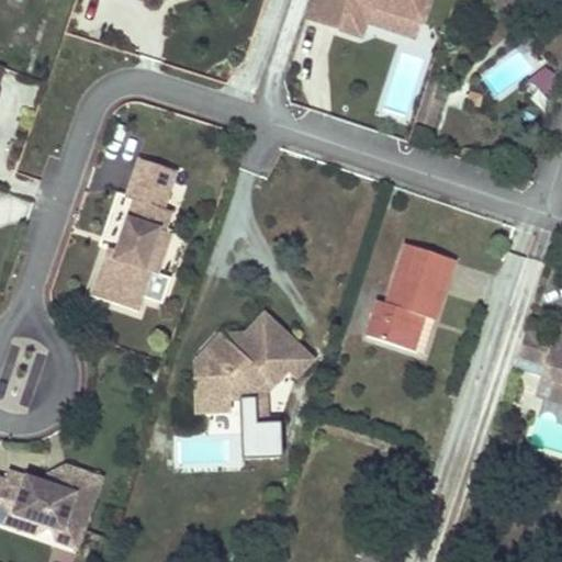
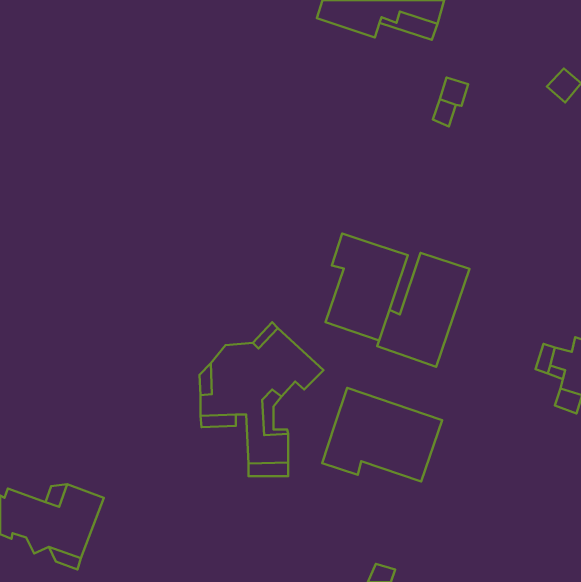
building: [92,156,178,308] -> none
building: none -> [325,234,408,341]
building: none -> [322,388,442,482]

